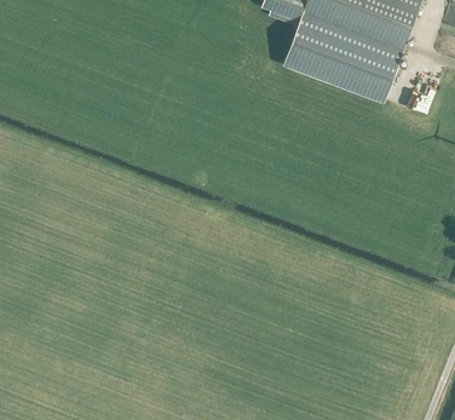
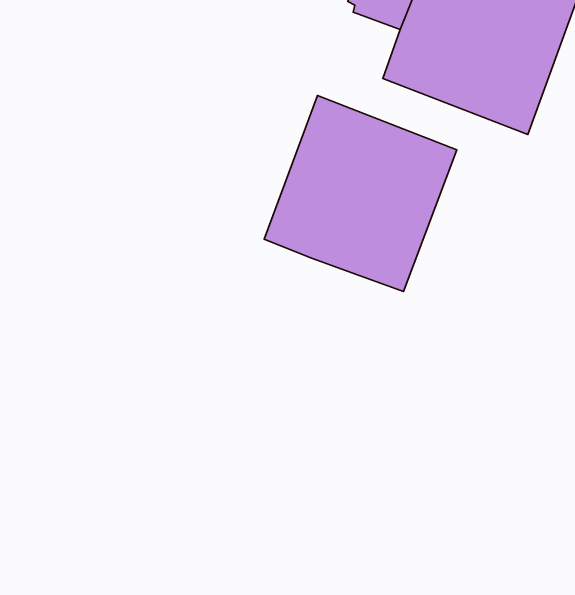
building: none -> [264,95,457,292]

